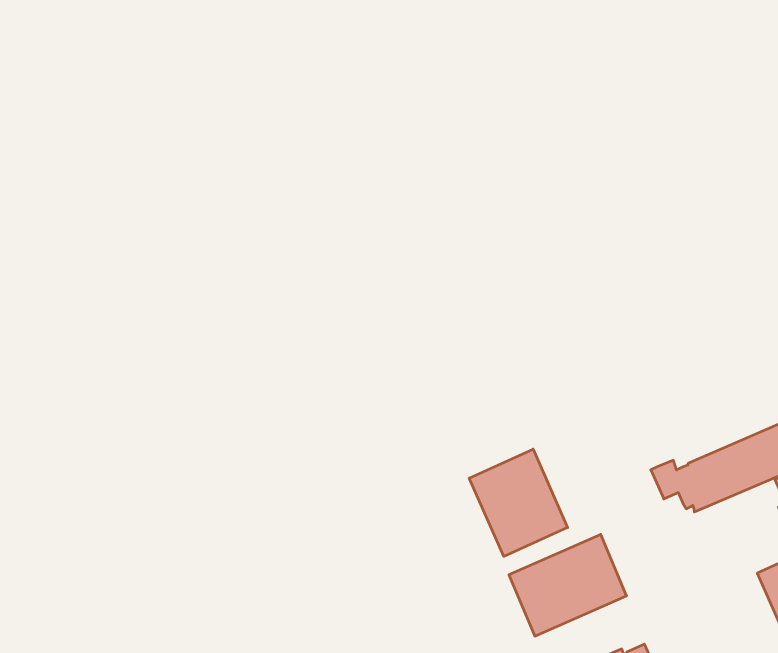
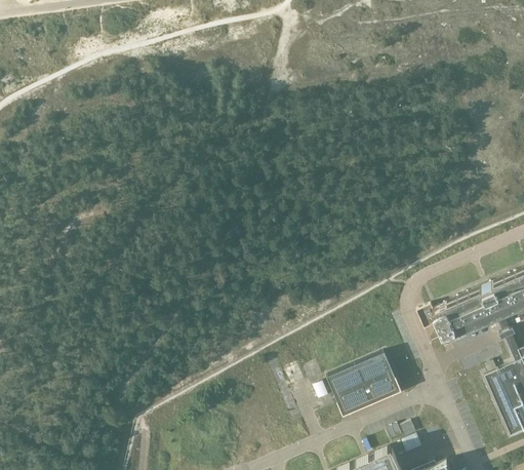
building: [469,449,568,556] -> none

